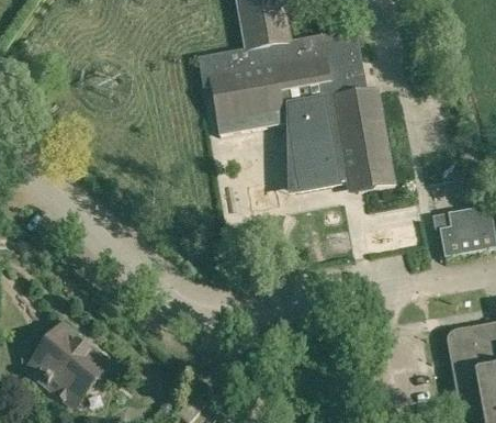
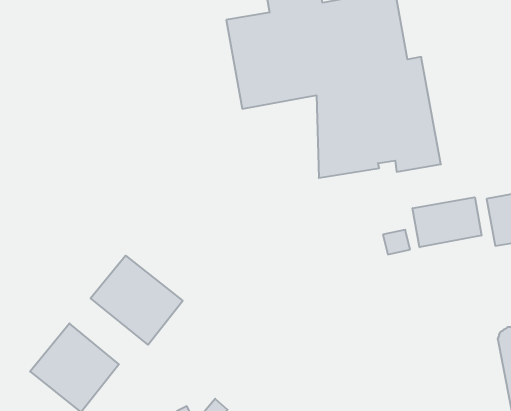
building: none -> [413,197,481,247]
building: none -> [91,256,183,345]

